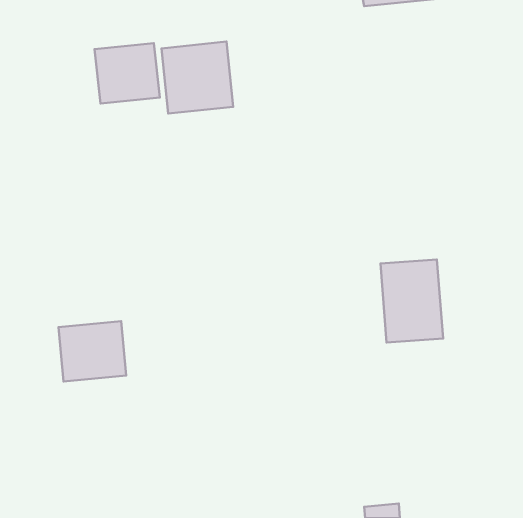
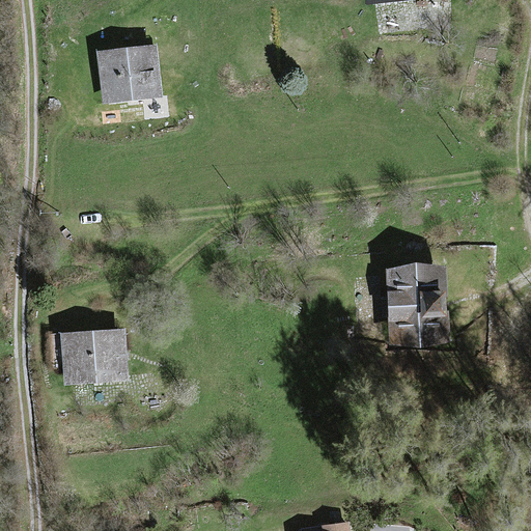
building: [161,42,233,114] -> none

